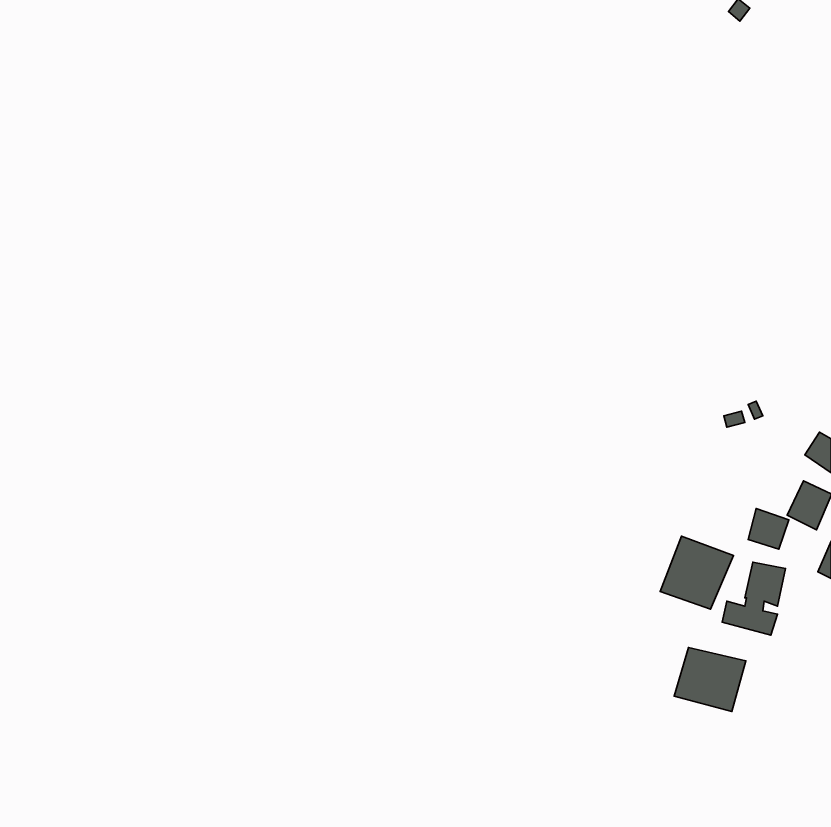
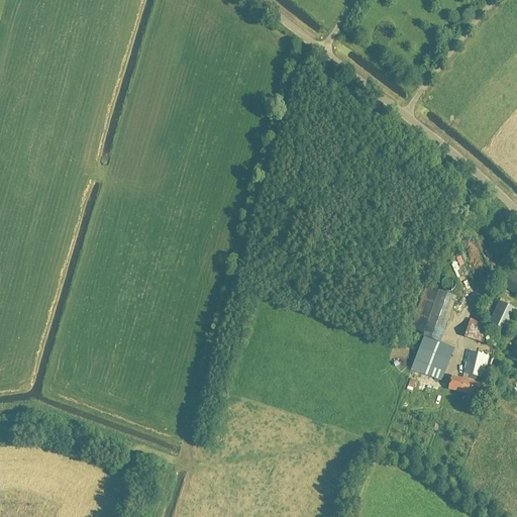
building: none -> [410,284,456,339]
building: [674,648,746,712] -> none

